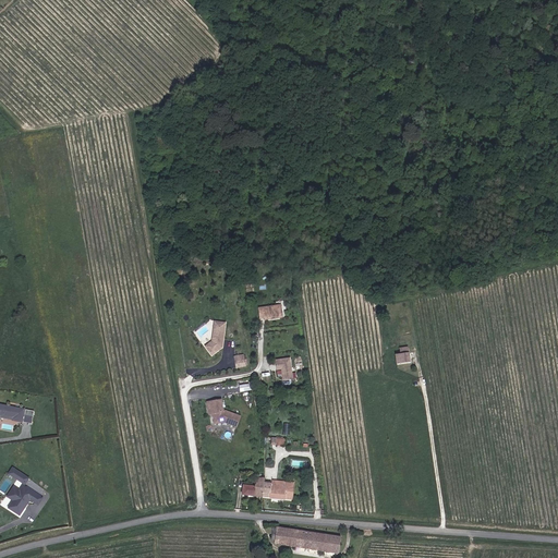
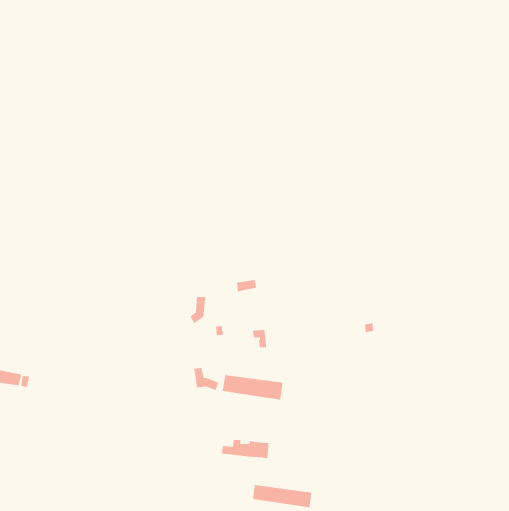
building: none -> [222,375,284,400]
building: [4,483,44,515] -> none

